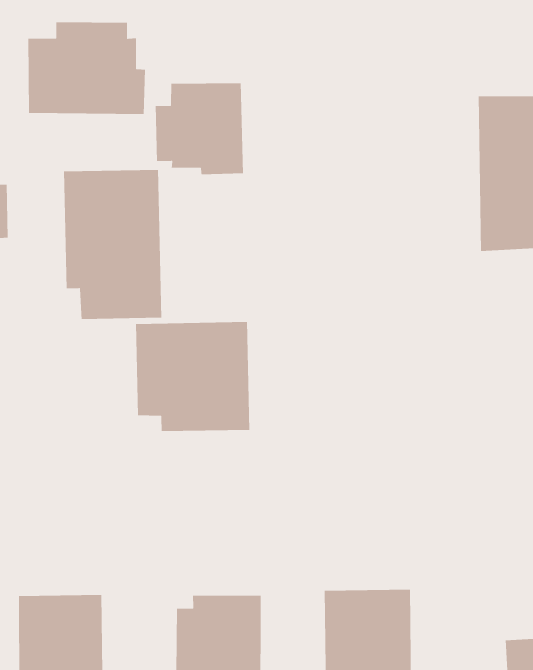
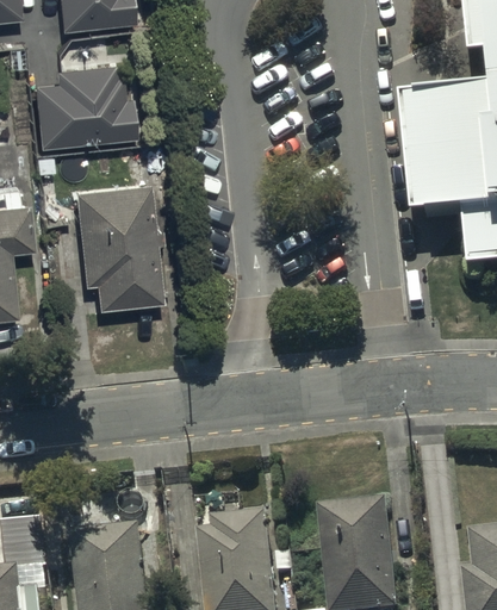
building: [155,83,244,175] -> none
building: [135,321,250,432] -> none

